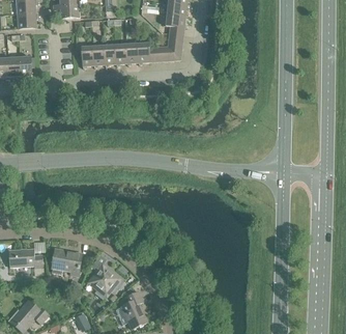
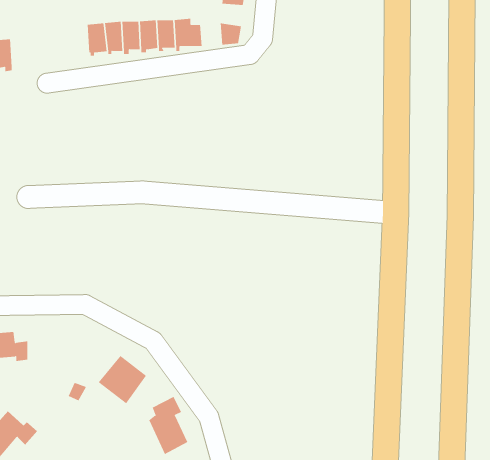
building: [51,249,81,274] -> none

